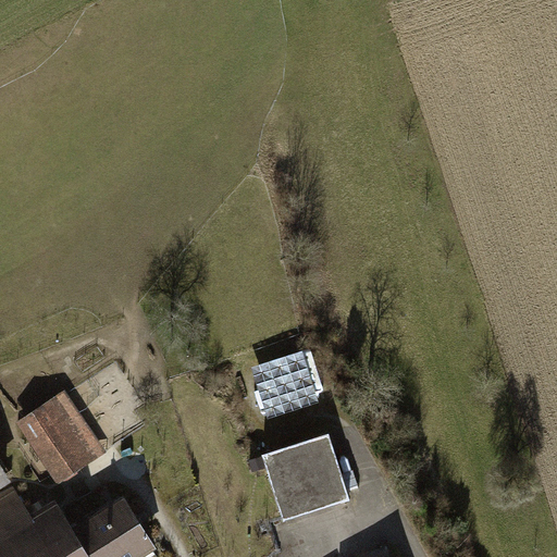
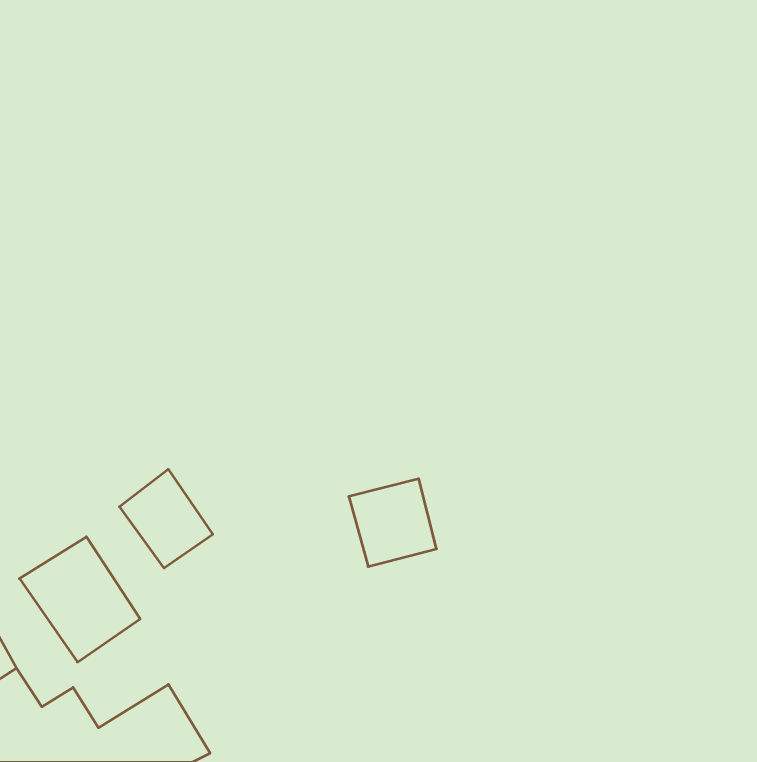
building: none -> [119,469,213,568]
building: [262,435,348,522] -> none

